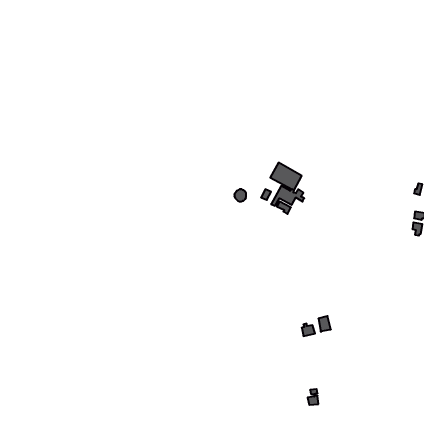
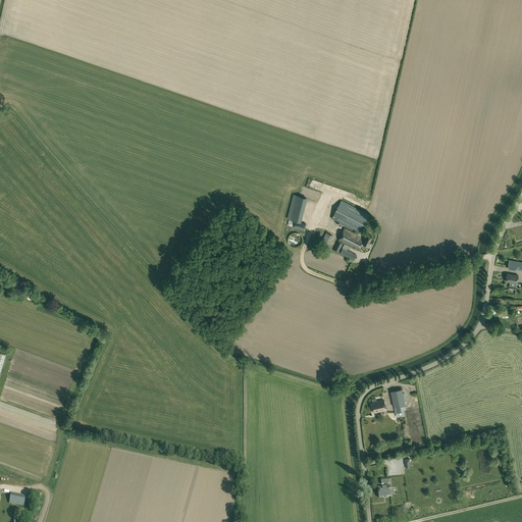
building: none -> [288,202,307,231]

